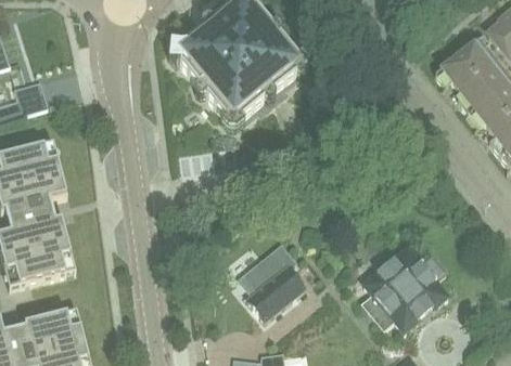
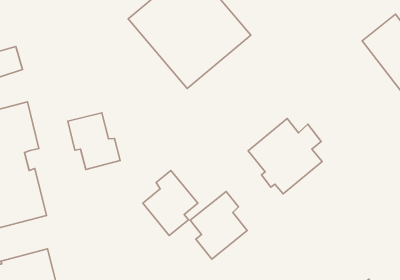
building: none -> [68,113,120,170]
building: none -> [143,171,198,235]
building: [363,245,448,330] -> [248,119,322,194]

